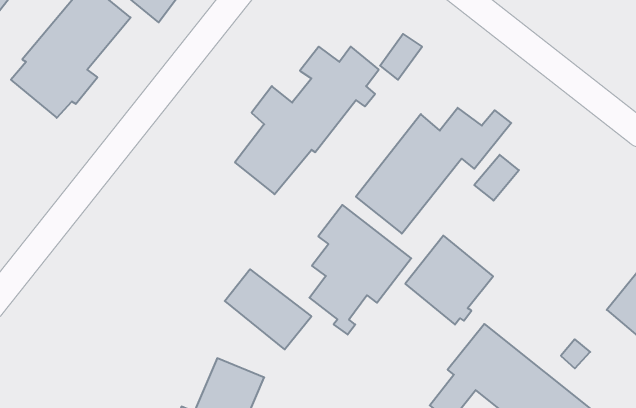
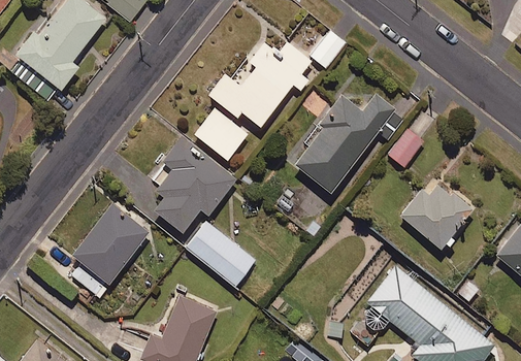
building: [309,205,411,335] -> [153,136,235,241]
building: [405,236,493,325] -> [400,177,471,250]
building: none -> [72,203,149,296]

